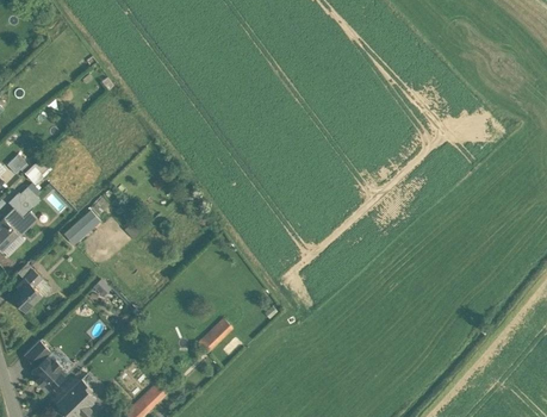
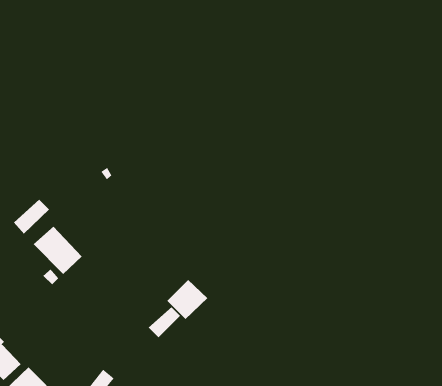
building: none -> [33,226,83,275]
building: none -> [166,279,208,320]

